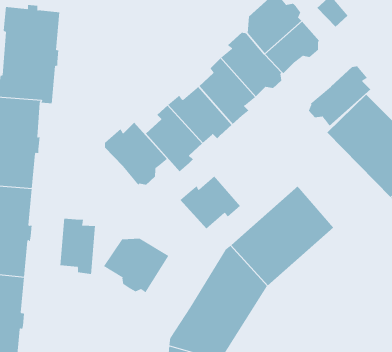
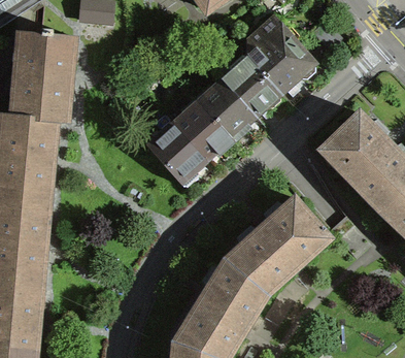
building: [308,66,371,126] -> none
building: [104,122,168,186] -> none
building: [180,175,241,230] -> none
building: [60,218,96,275] -> none
building: [103,238,169,293] -> none

